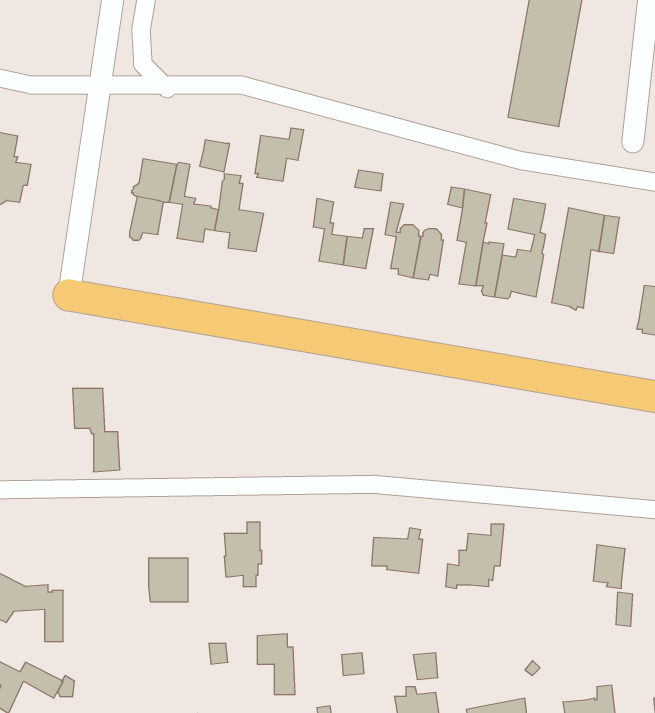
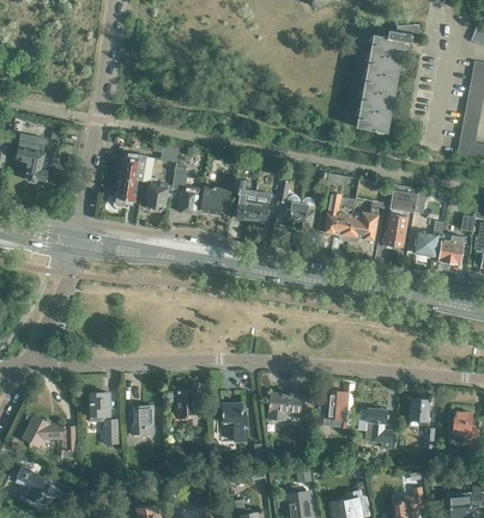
building: [255,128,304,181] -> [201,181,232,214]
building: none -> [415,220,443,256]
building: [73,388,120,472] -> [90,391,120,444]
building: none -> [358,407,392,451]
building: [257,634,295,694] -> [223,402,247,440]

